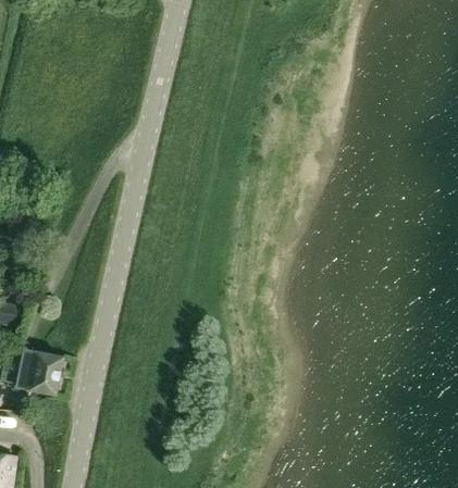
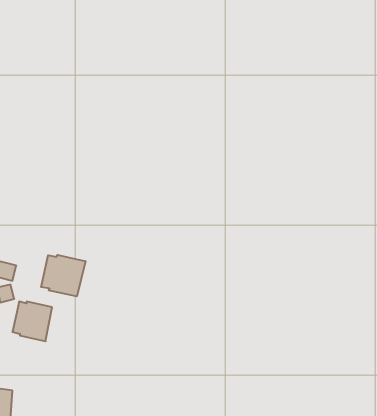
building: none -> [41,255,85,296]

